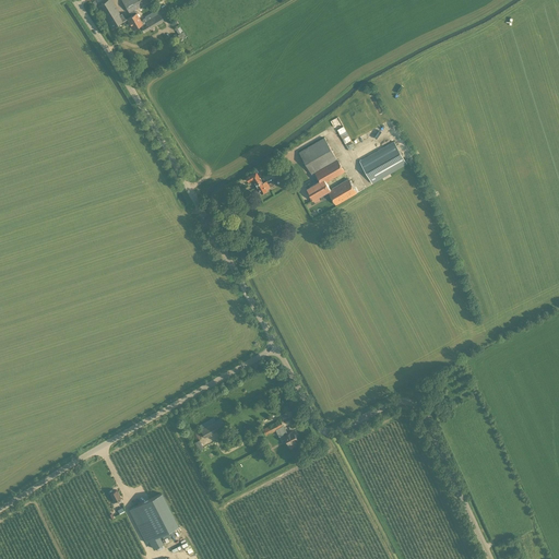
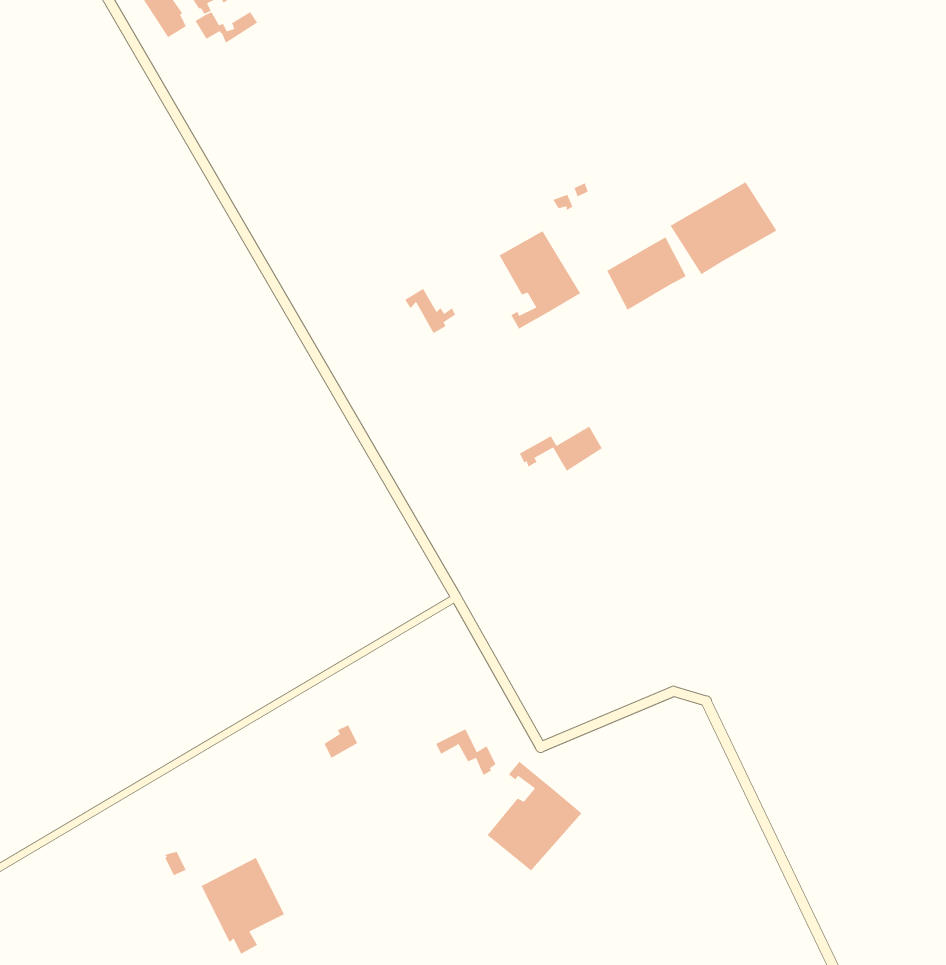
building: none -> [669,181,778,275]
building: [308,179,356,205] -> [518,426,603,472]
building: none -> [487,760,582,872]

